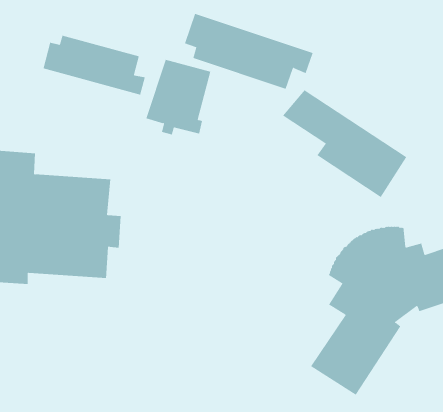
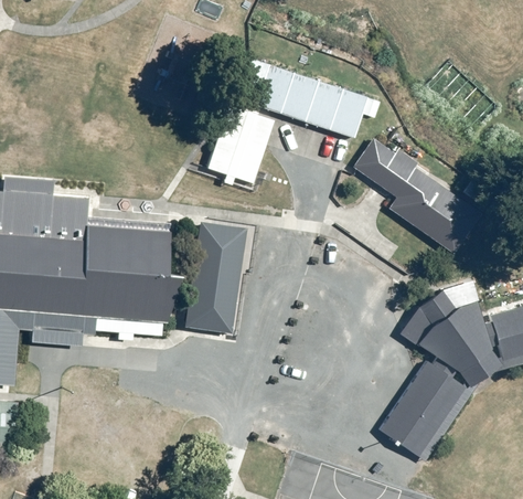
building: [43,35,145,95] -> none
building: none -> [189,223,243,330]

